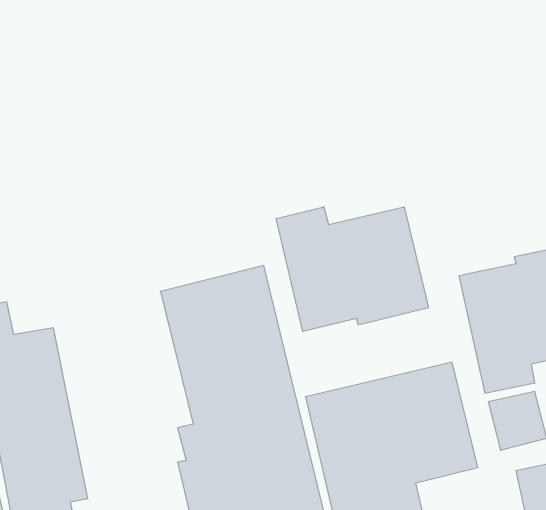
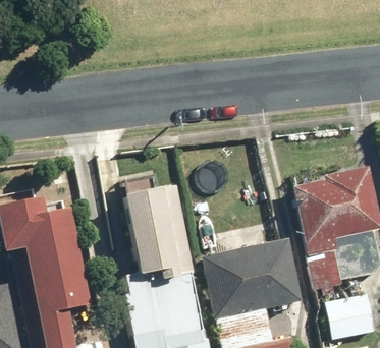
building: [276,207,429,332] -> none

